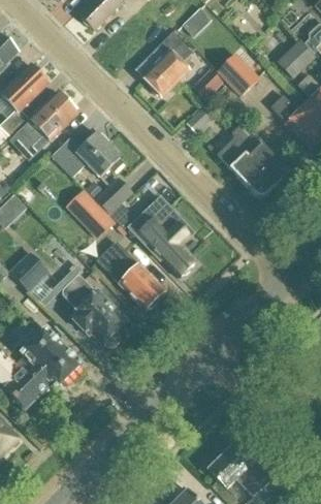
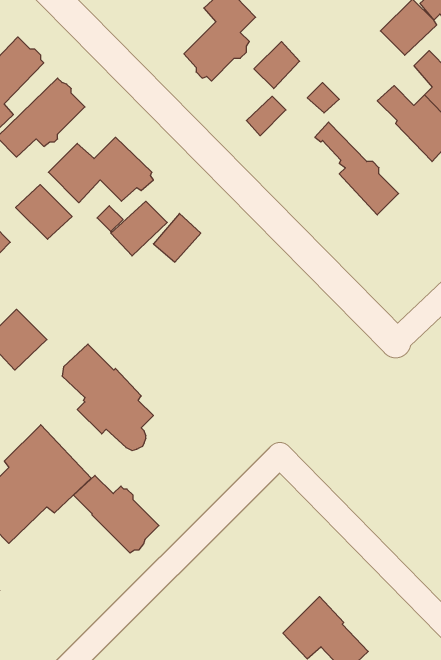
building: [216,52,259,95] -> none
building: [218,134,275,193] -> none
building: [75,197,114,234] -> [16,185,72,239]
building: [138,209,194,276] -> none
building: [107,255,165,308] -> [74,475,159,553]

